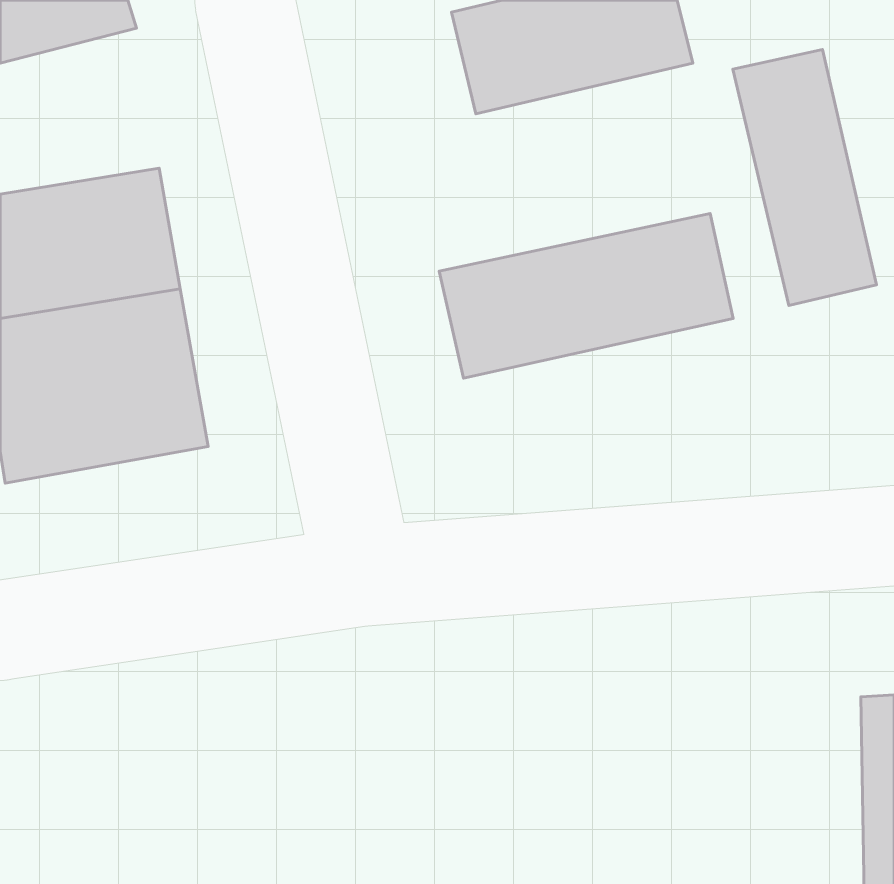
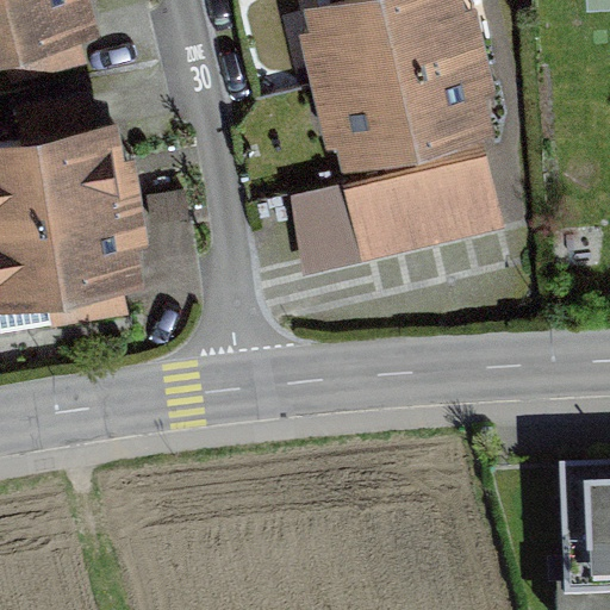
building: [733,49,877,306] -> none
building: none -> [324,50,490,161]

